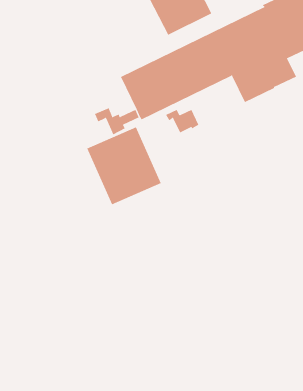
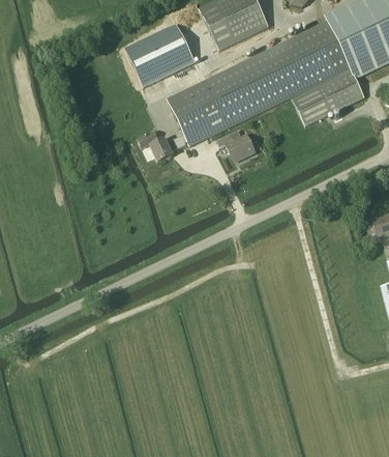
building: none -> [125,23,194,85]
building: [87,127,162,205] -> none

